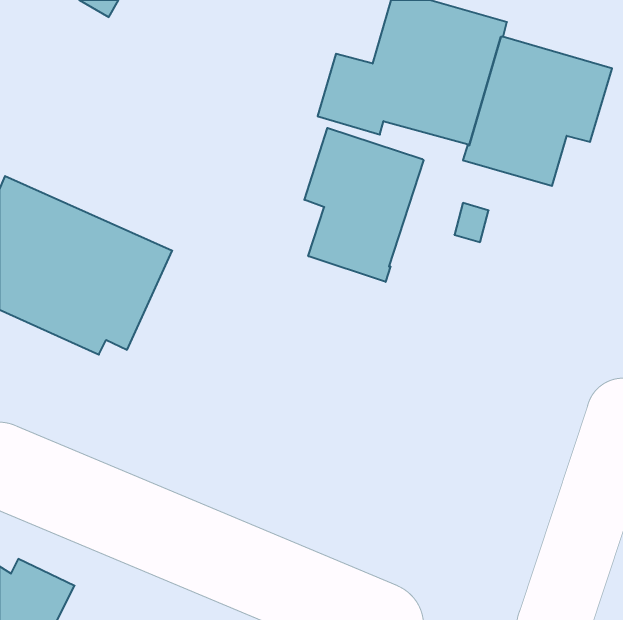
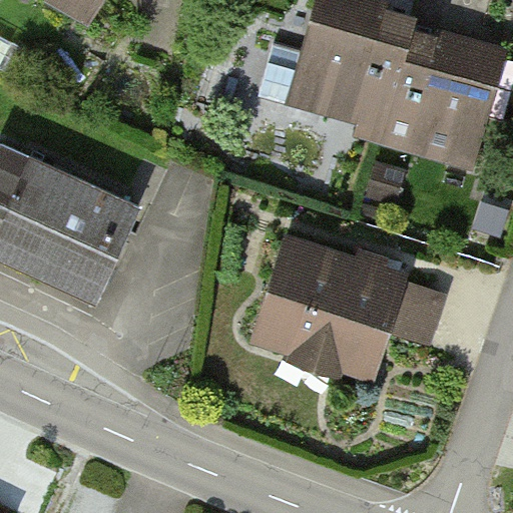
building: [304,128,424,282] -> none
building: none -> [255,243,406,377]

